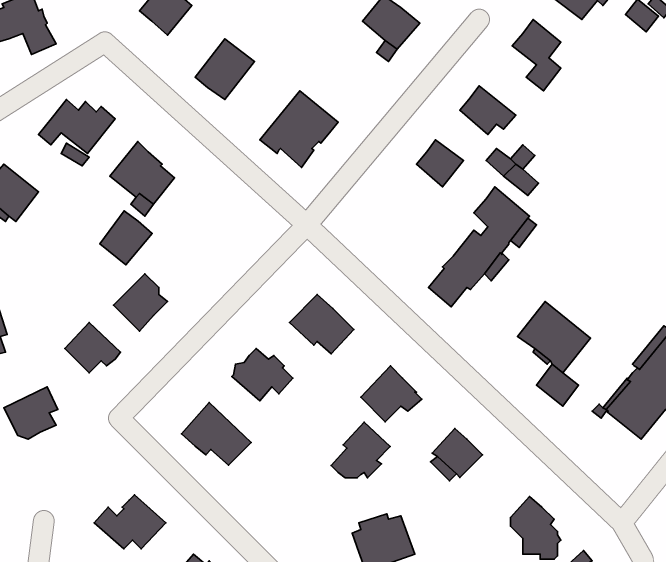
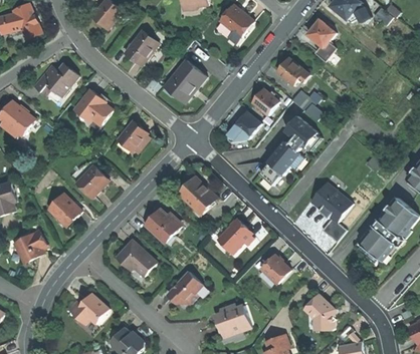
building: none -> [226,110,259,142]
building: [100,211,152,265] -> [118,120,148,151]
building: [331,422,390,478] -> [168,271,202,303]

